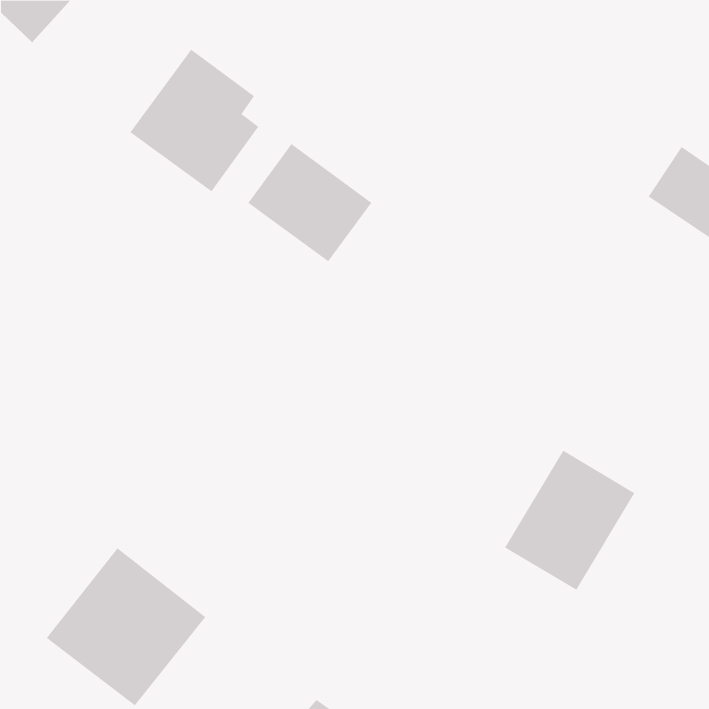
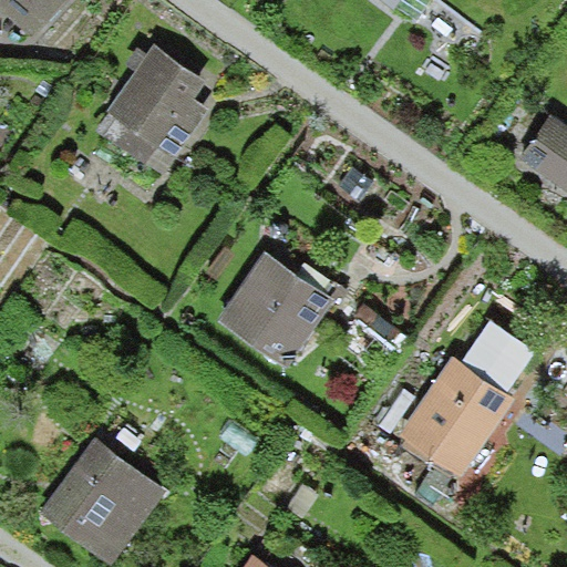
building: [247,143,372,262] -> none
building: none -> [217,254,337,372]

